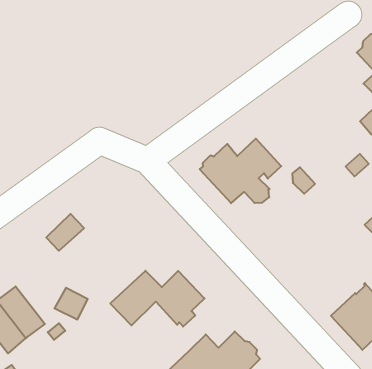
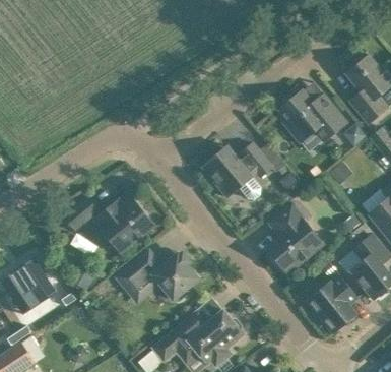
building: none -> [278,89,347,143]
building: none -> [266,204,324,273]
building: none -> [95,199,154,252]

